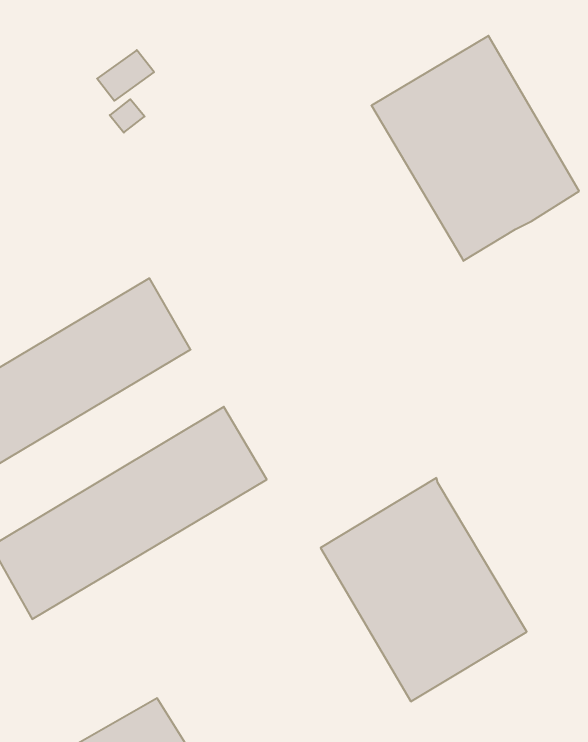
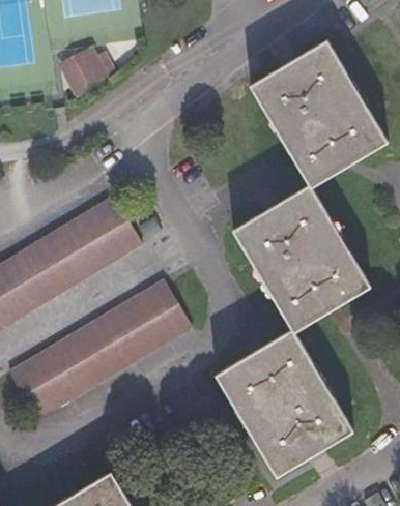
building: none -> [234,186,370,333]

